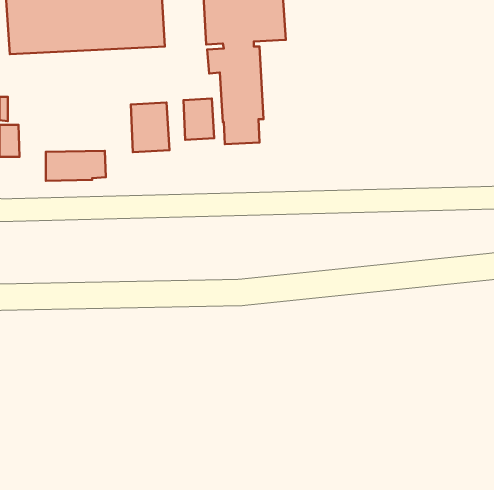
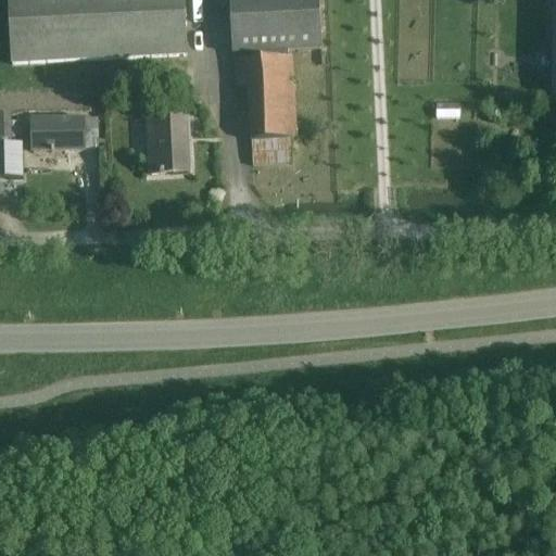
building: [184,99,214,140] -> none
building: [46,151,106,181] -> [30,114,98,148]

